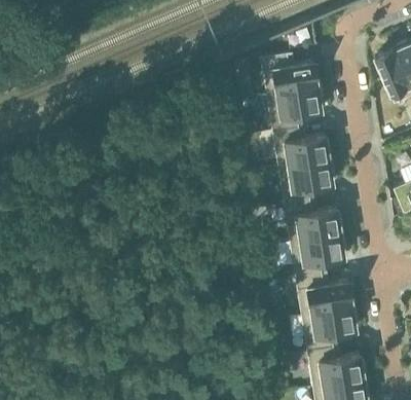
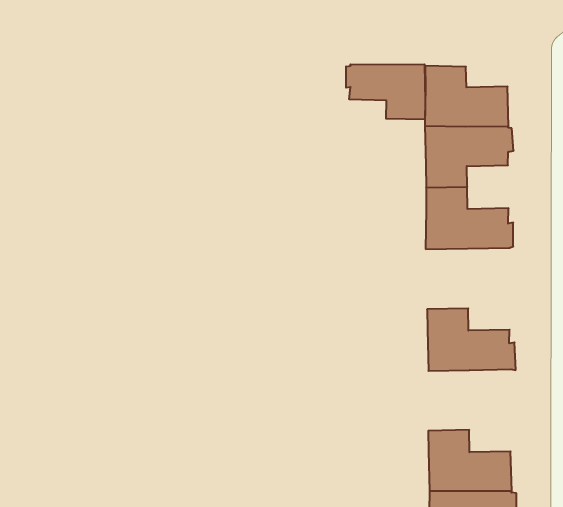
building: none -> [346,64,425,119]
building: [279,159,335,205] -> none
building: [292,233,346,278] -> none

